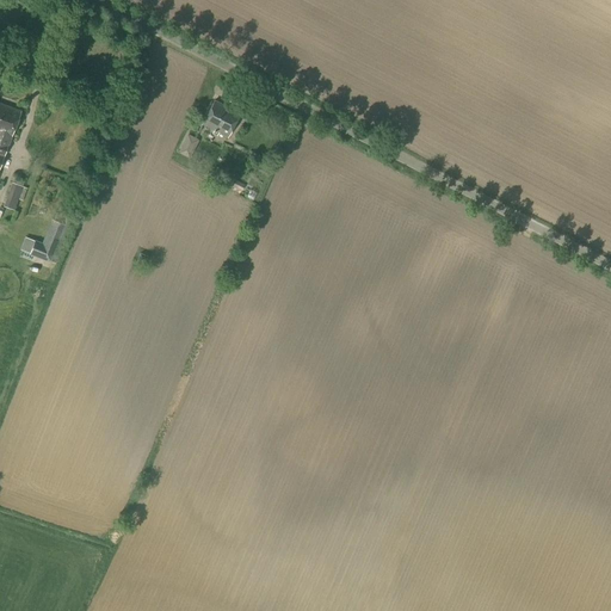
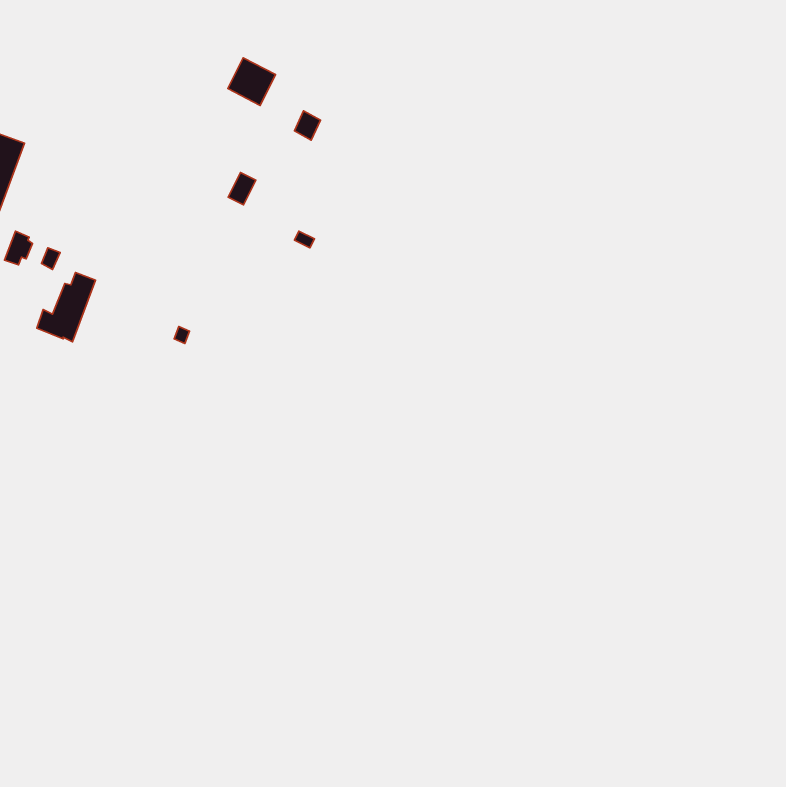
building: [200,101,237,138] -> [228,58,276,105]

